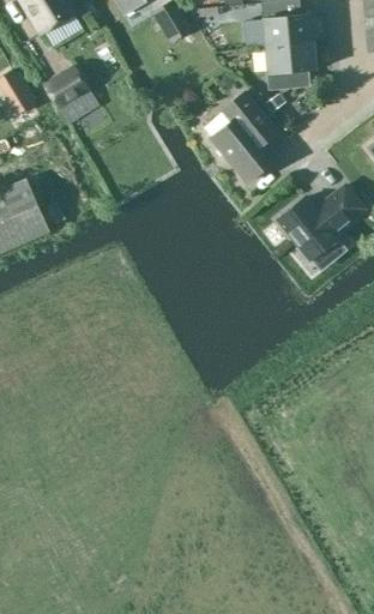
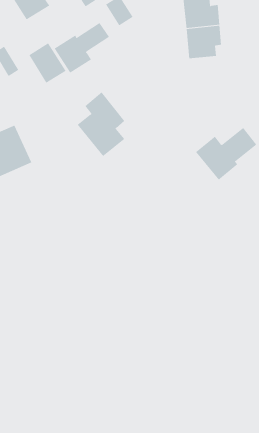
building: none -> [54,22,110,74]
building: [211,90,278,181] -> [77,92,125,157]

